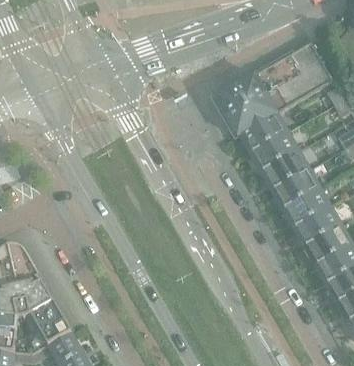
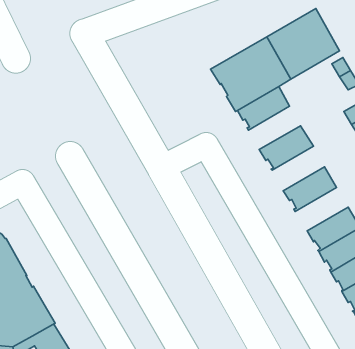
building: [249,131,297,171] -> none
building: [271,168,319,209] -> none
building: [292,206,341,246] -> none

